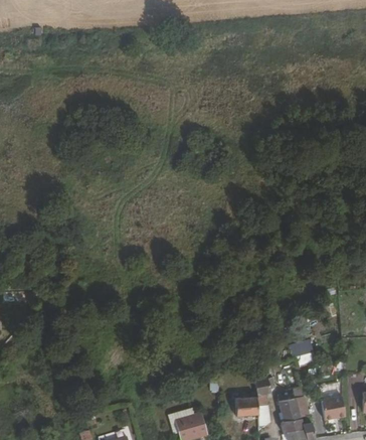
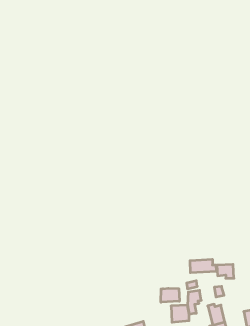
building: none -> [190,259,216,273]
building: none -> [161,288,179,302]

